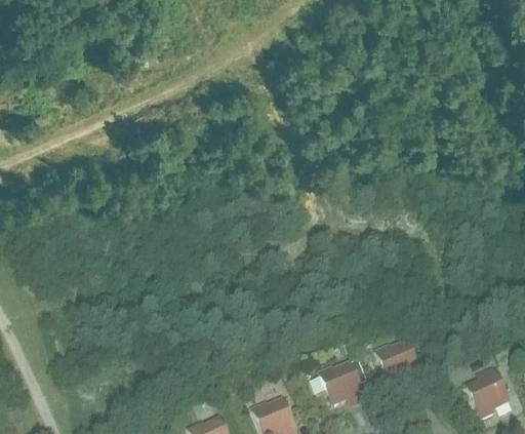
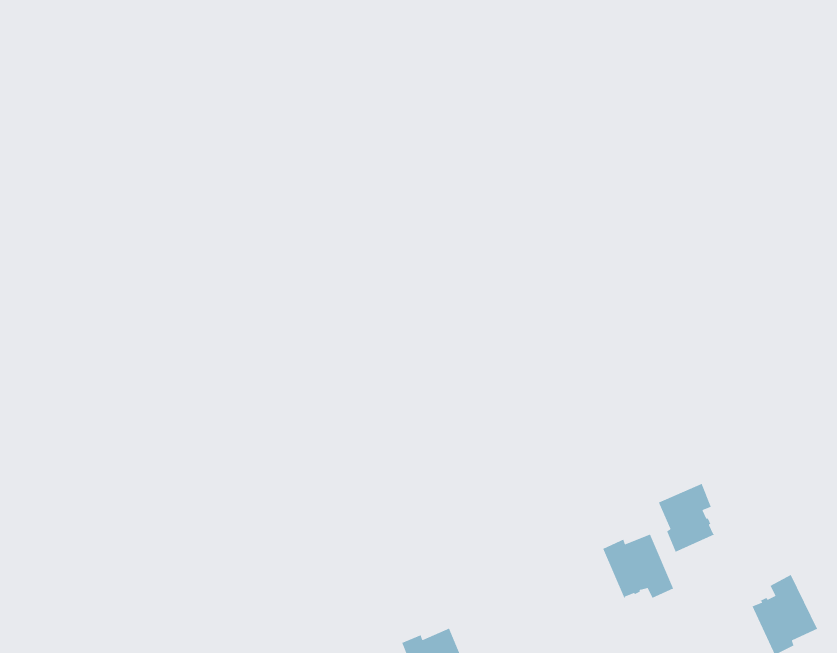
building: none -> [658,483,715,553]
building: [320,358,365,402] -> none

